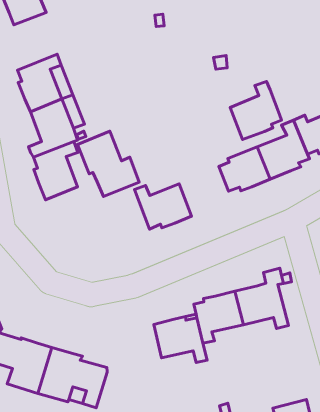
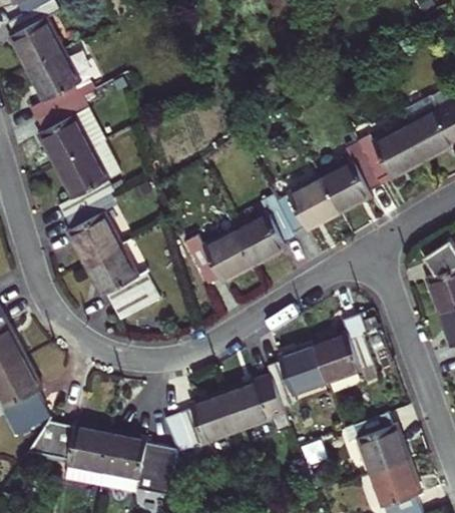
building: none -> [27,51,95,120]
building: [230,82,282,140] -> [236,195,296,265]
building: [77,131,139,196] -> [85,245,160,321]
building: none -> [164,393,238,452]
building: none -> [354,414,408,473]

